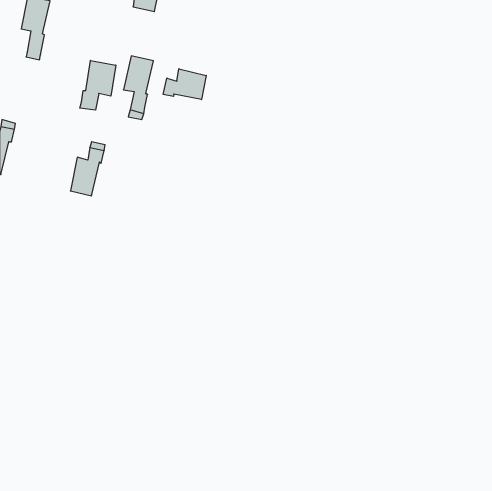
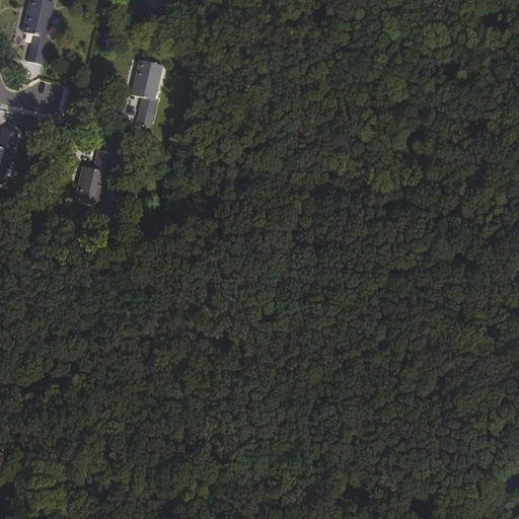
building: [80,60,116,110] -> none
building: [163,69,206,100] -> none

